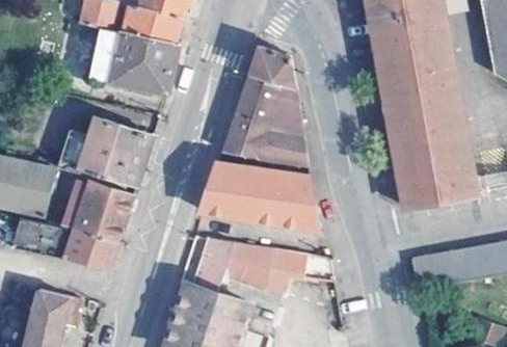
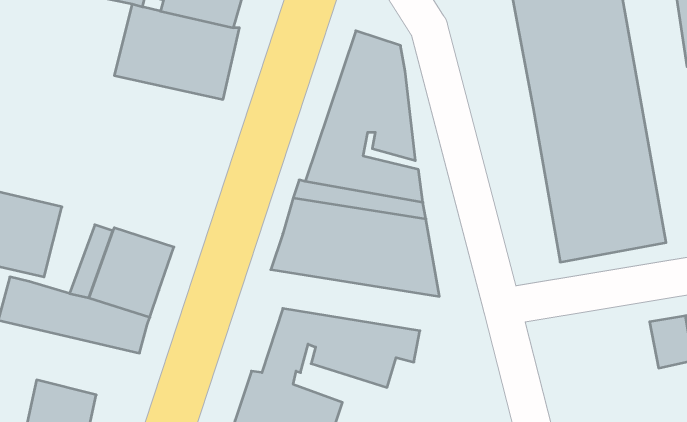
building: [59,121,153,186] -> none
building: [411,248,471,290] -> none

